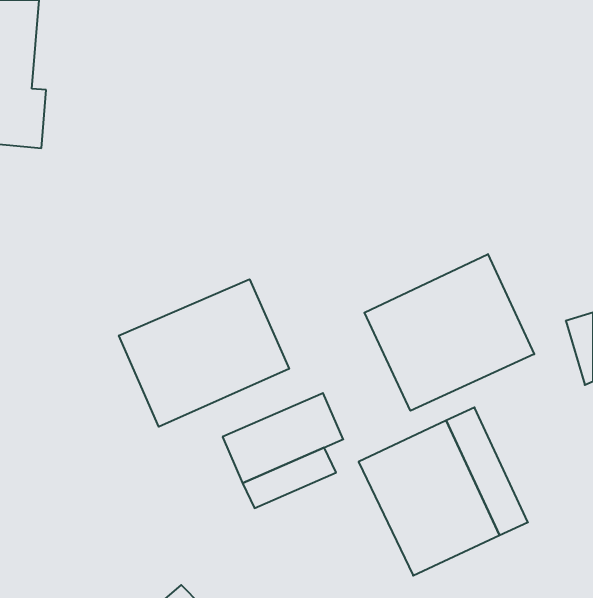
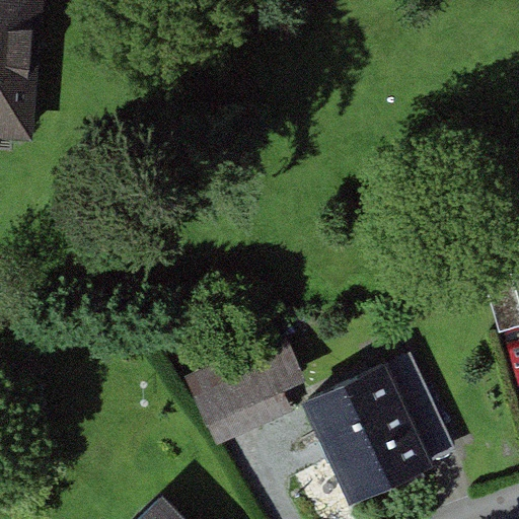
building: [364,254,534,411] -> none
building: [119,279,289,427] -> none

